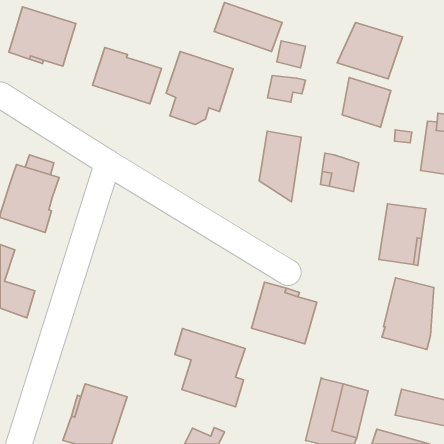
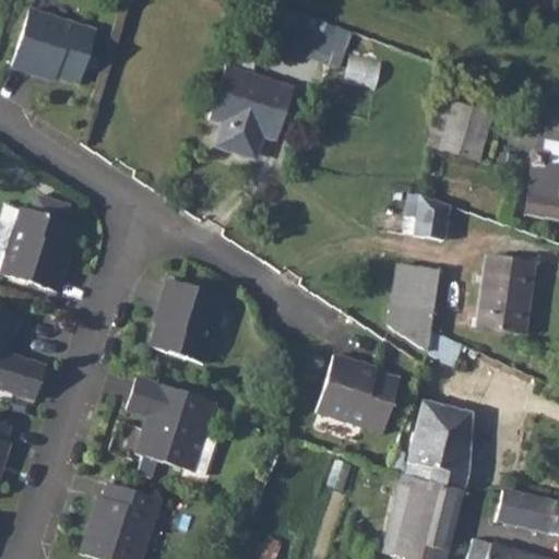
building: [337,23,403,79] -> none
building: [93,48,161,104] -> none
building: [267,76,305,102] -> none
building: [259,131,301,202] -> [388,262,440,350]
building: none -> [150,278,225,362]
building: [382,278,434,349] -> [406,401,472,490]
building: [175,328,245,407] -> [127,376,215,474]

